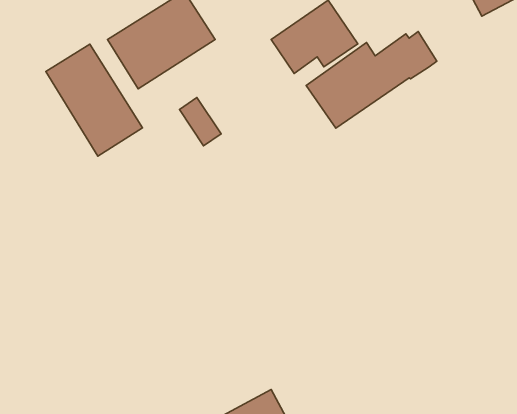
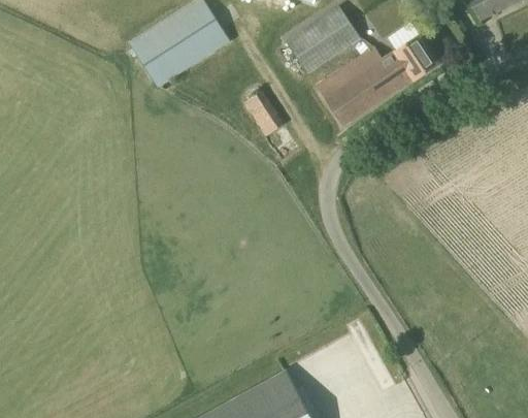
building: [46,44,142,156] -> none
building: [179,98,221,146] -> [245,91,285,136]

